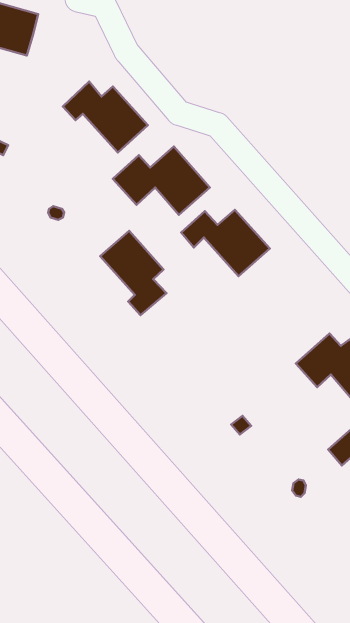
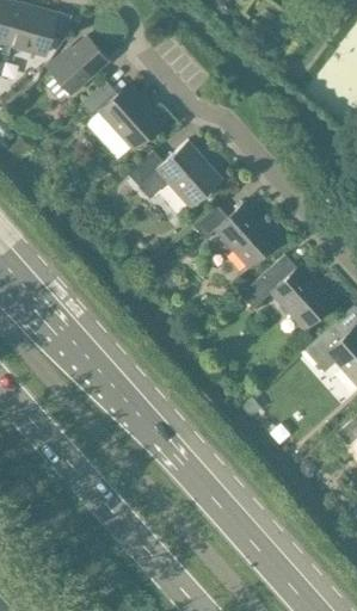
building: none -> [49,39,107,95]
building: [100,231,167,315] -> none
building: none -> [240,257,333,331]

